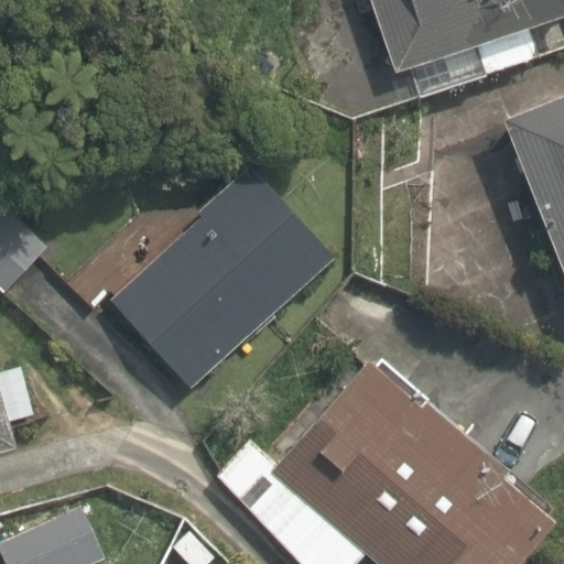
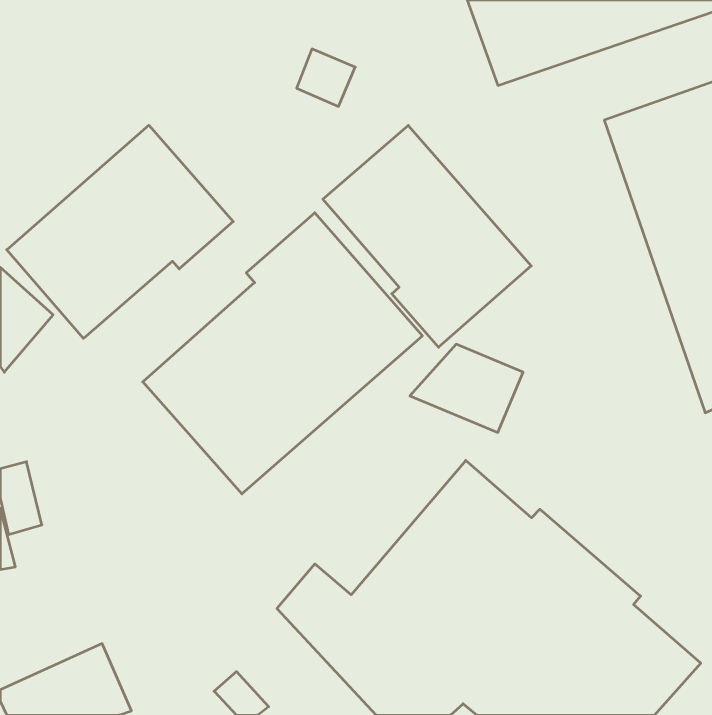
building: none -> [7,125,233,338]
building: none -> [323,125,531,347]

